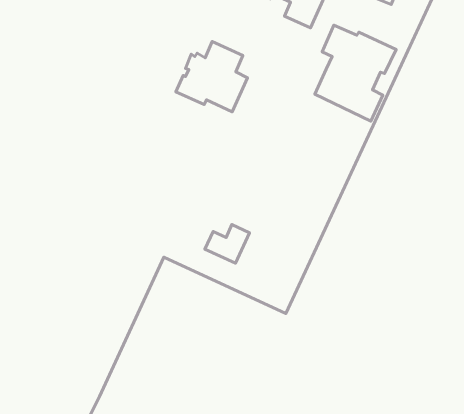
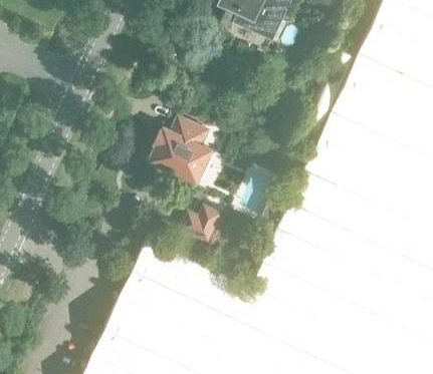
building: [315,25,396,121] -> none
building: [176,41,247,112] -> [149,119,210,179]

